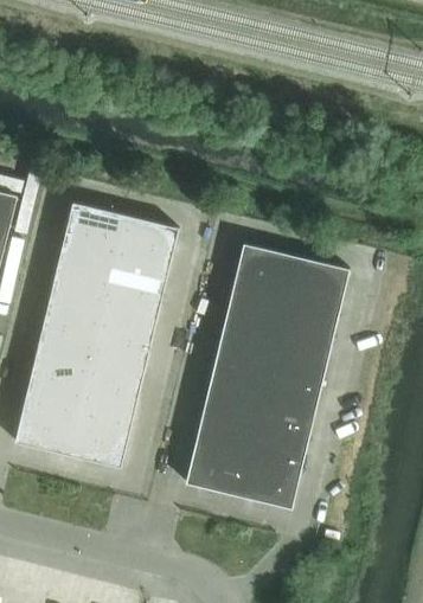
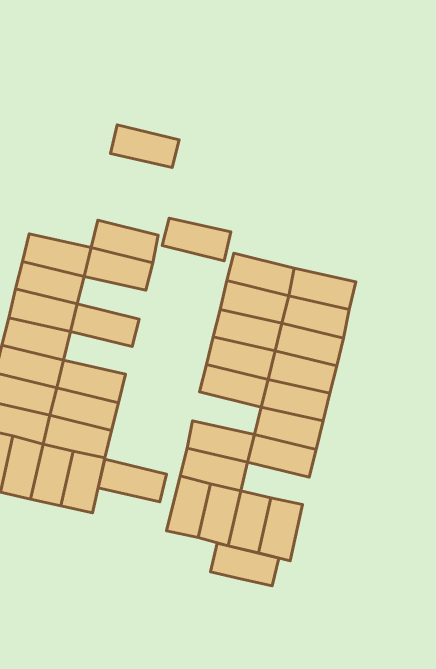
building: [66,201,126,238] -> [110,125,179,167]
building: [108,263,167,300] -> [162,218,231,261]
building: [96,310,155,347] -> none
building: [207,363,267,399] -> [98,459,167,502]
building: [249,423,308,460] -> [210,543,279,586]

